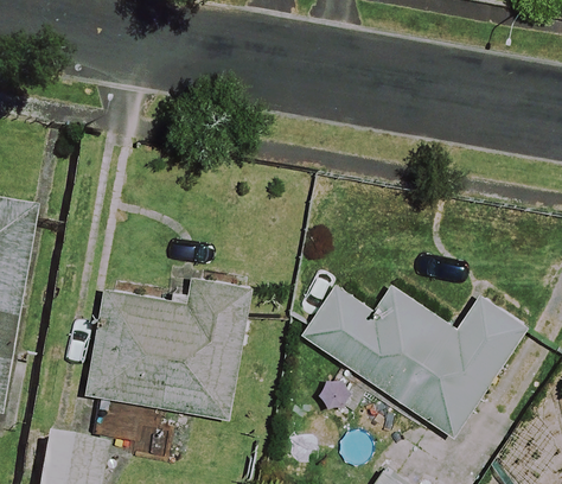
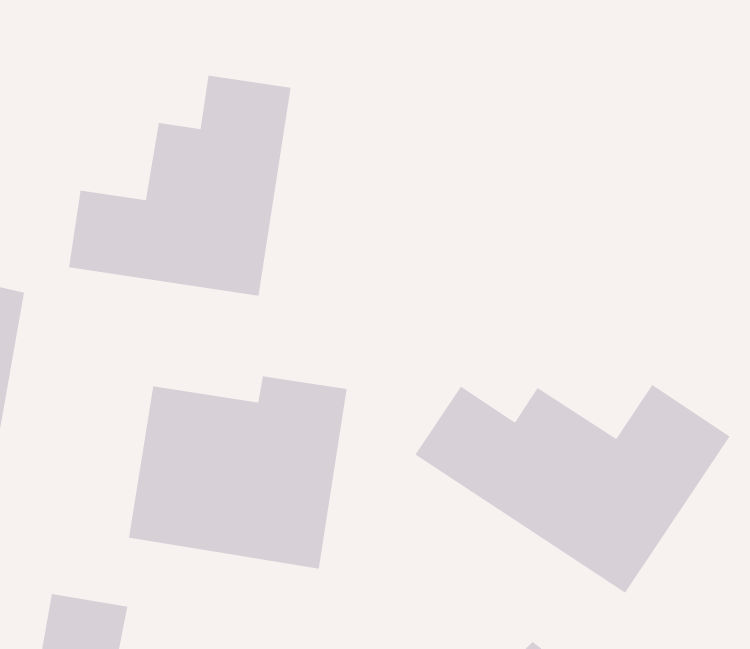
building: none -> [69,75,291,297]

